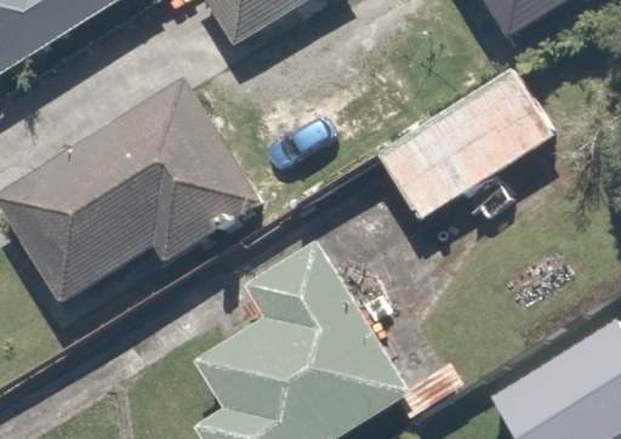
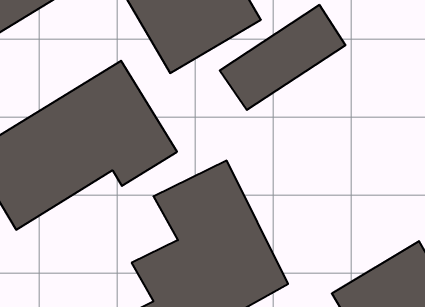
building: [370,80,545,226] -> [220,5,346,110]

